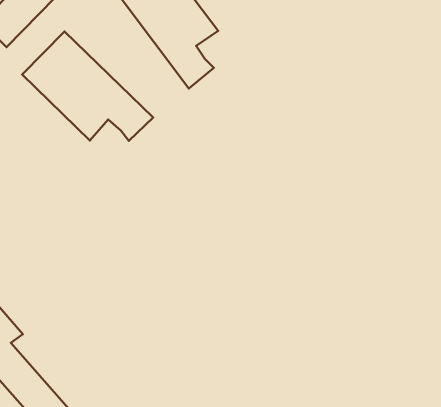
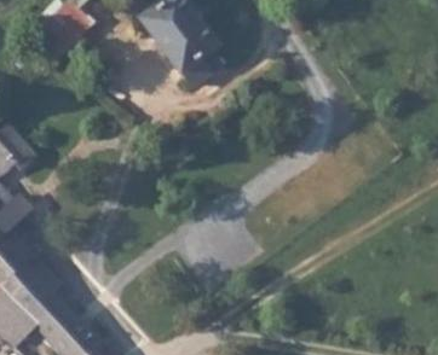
building: [22,32,153,141] -> none

